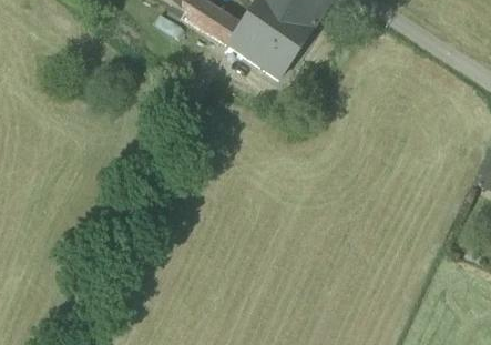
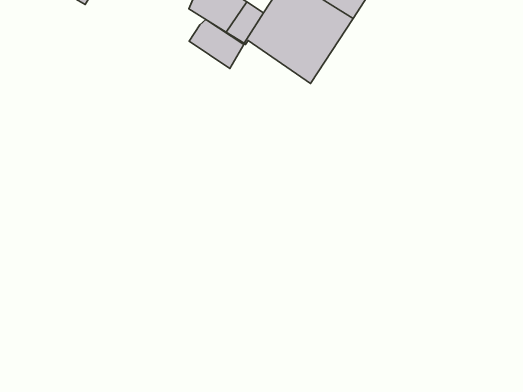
building: none -> [189,19,244,68]

